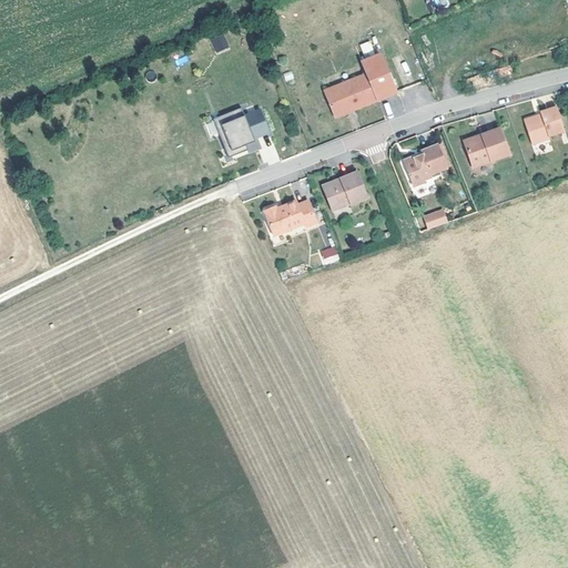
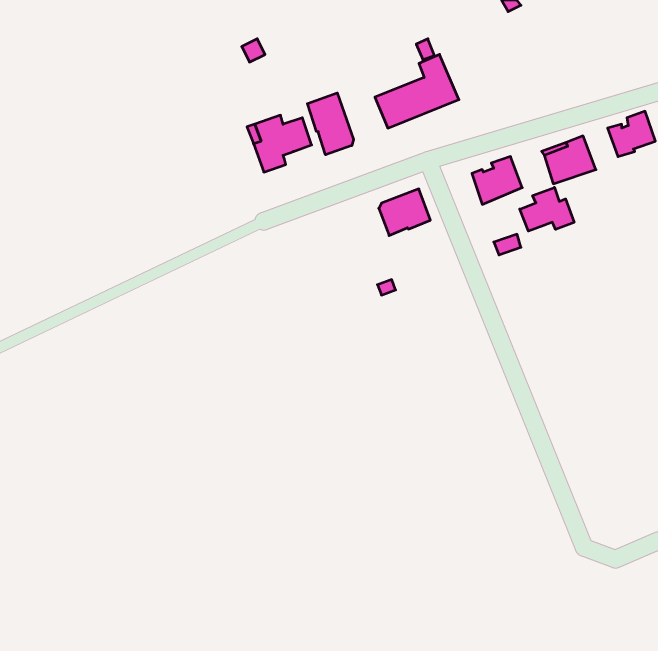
building: none -> [307,93,354,155]
building: none -> [520,187,574,231]
building: [264,197,317,235] -> none

